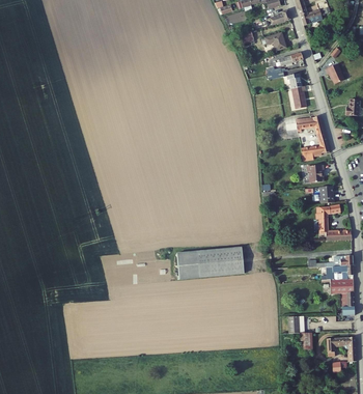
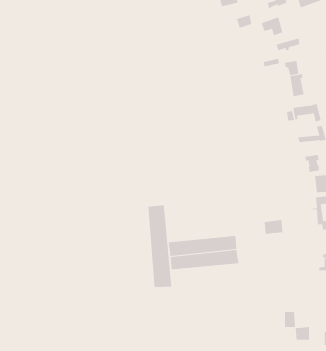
building: none -> [148,204,172,288]

